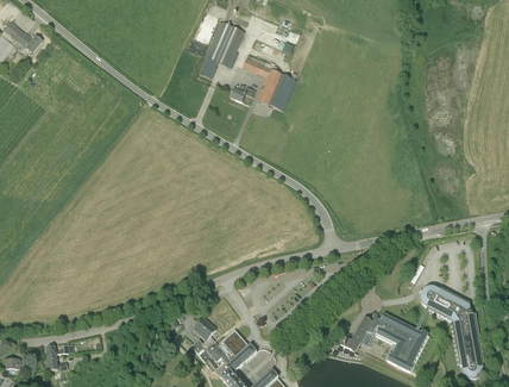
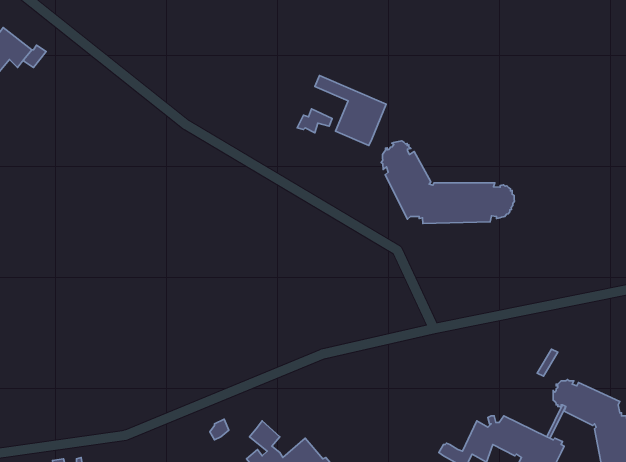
building: [197,19,244,77] -> none
building: none -> [381,141,514,223]

